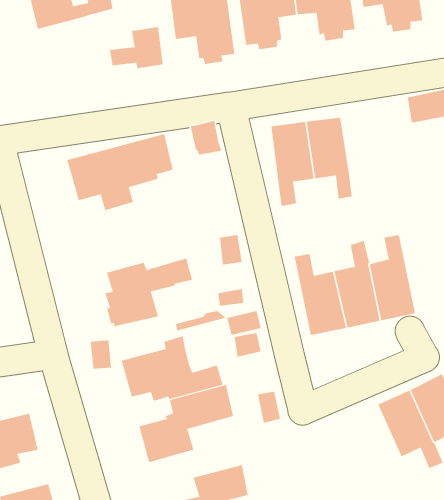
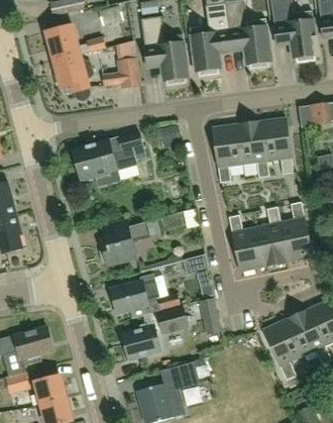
building: none -> [52,54,93,100]
building: none -> [261,117,294,174]
building: none -> [263,319,303,380]

